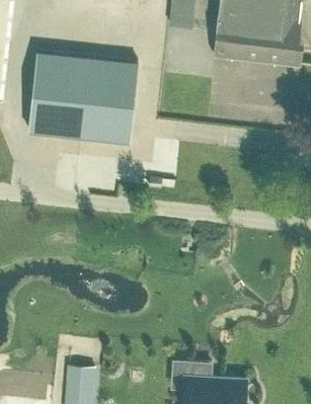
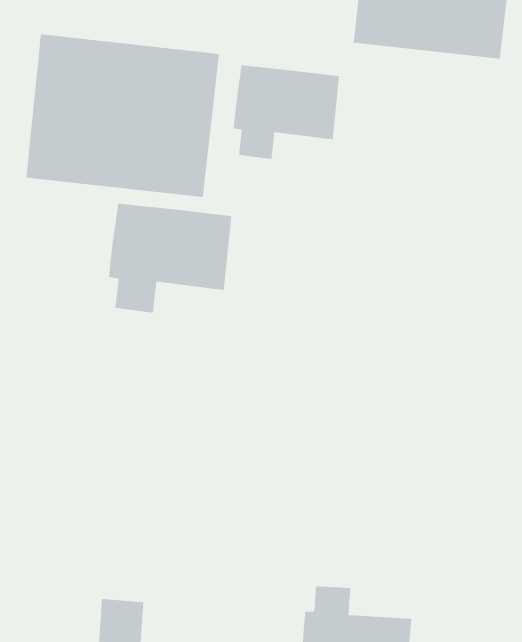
building: none -> [233,64,339,160]
building: none -> [108,203,232,314]

